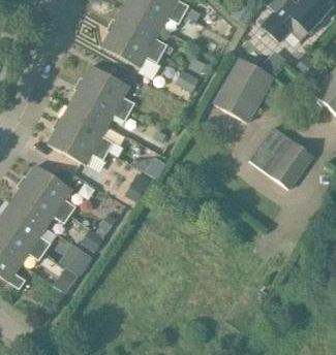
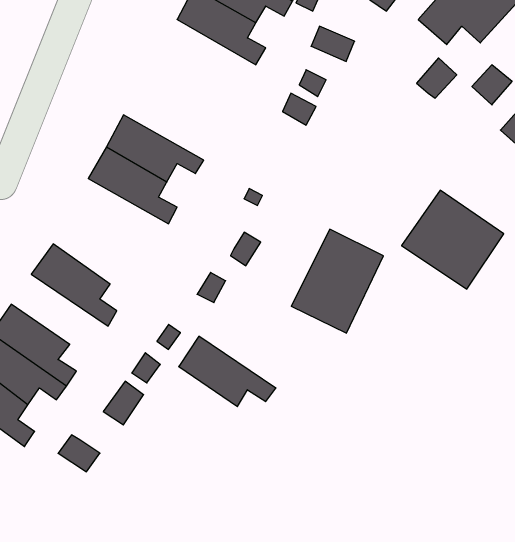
building: [101,25,161,66] -> none
building: [214,62,271,126] -> [291,229,383,333]
building: [80,63,134,111] -> none
building: [48,123,108,163] -> none
building: [10,182,70,225] -> [179,336,276,407]

